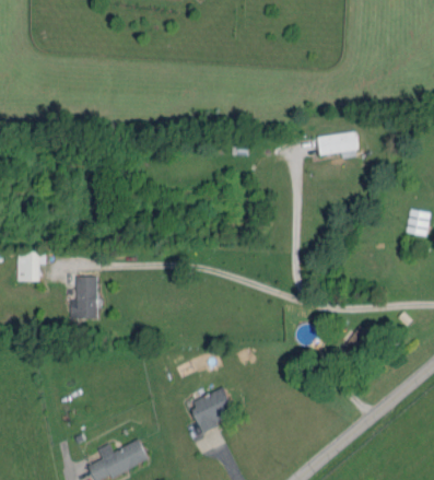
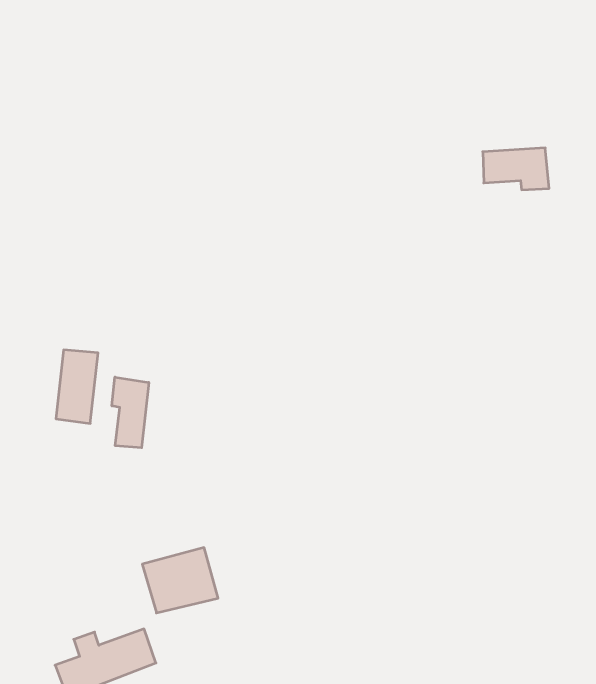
building: none -> [112,377,149,448]
building: [188,388,235,430] -> [142,548,218,613]

